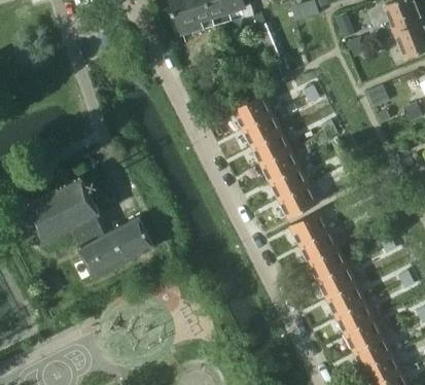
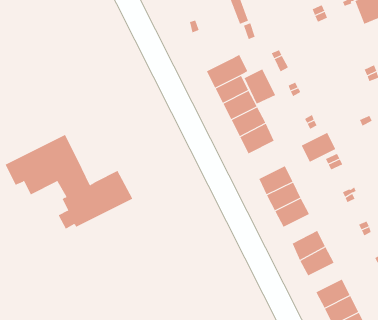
building: none -> [244,68,276,104]
building: [280,184,318,217] -> [301,132,336,163]
building: [318,264,355,295] -> none
building: [345,316,382,348] -> none

